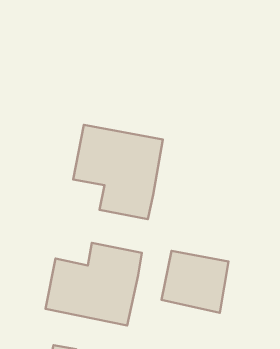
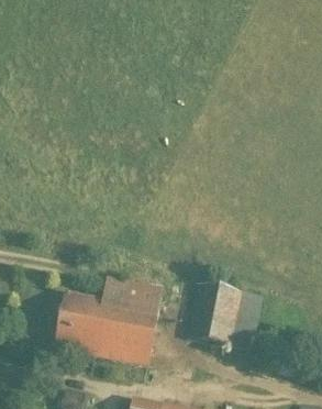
building: [73,125,163,219] -> none

